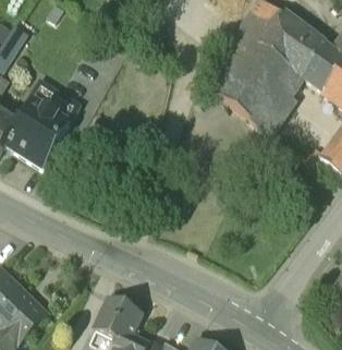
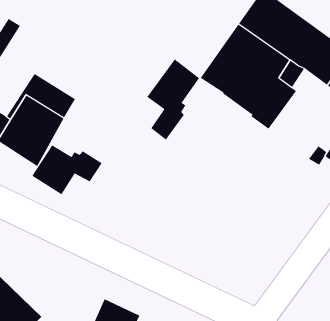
building: none -> [147,59,200,141]
building: none -> [31,145,103,195]

